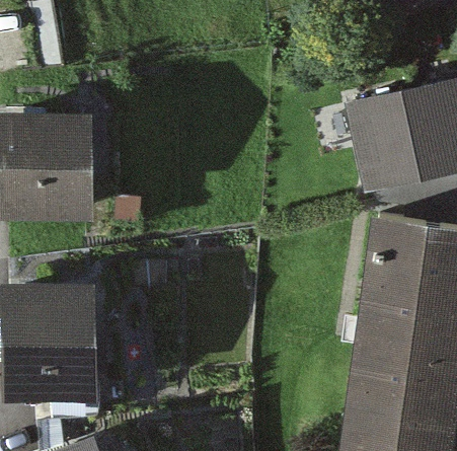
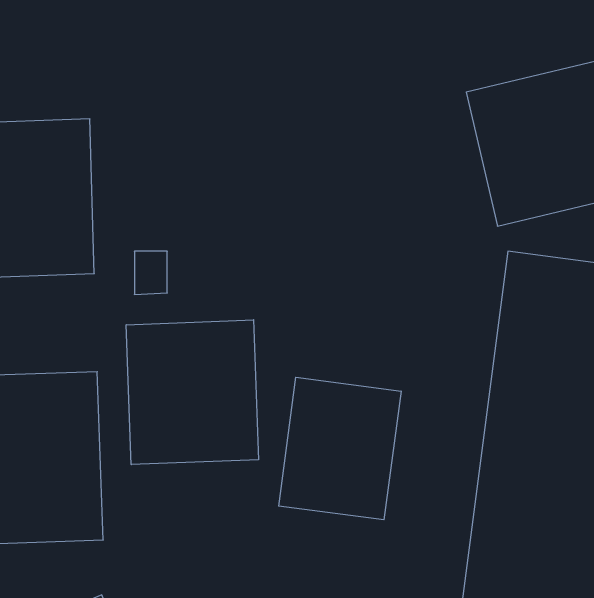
building: none -> [126,320,258,465]
building: none -> [279,377,401,520]

